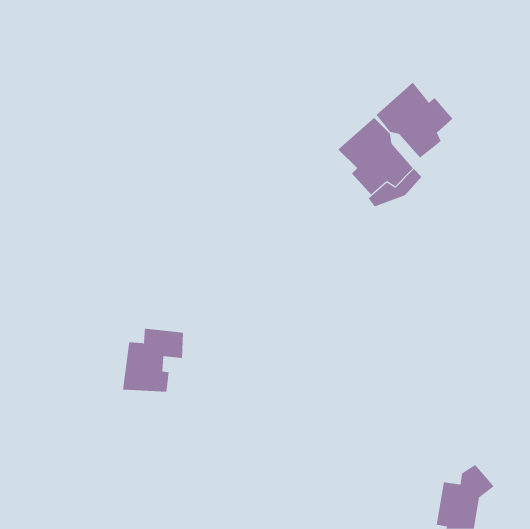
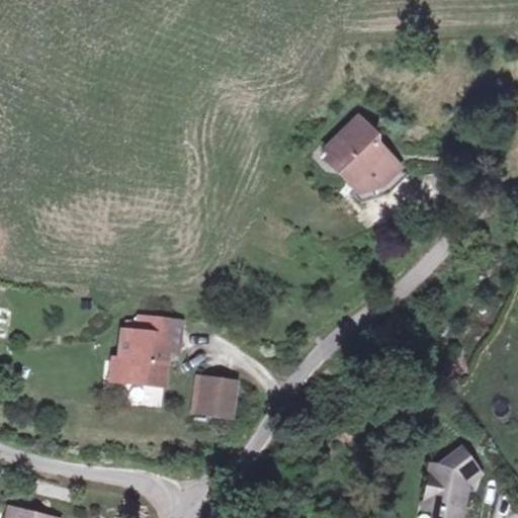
building: [376,82,453,158] -> none
building: none -> [191,375,233,413]

